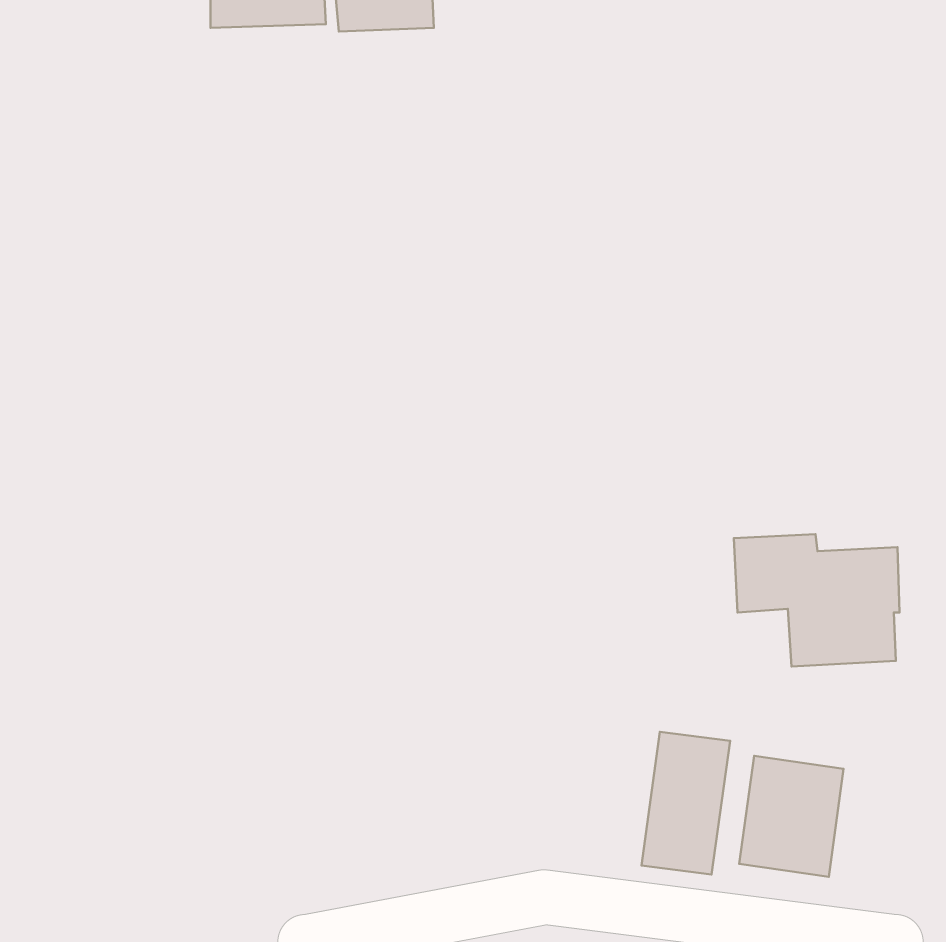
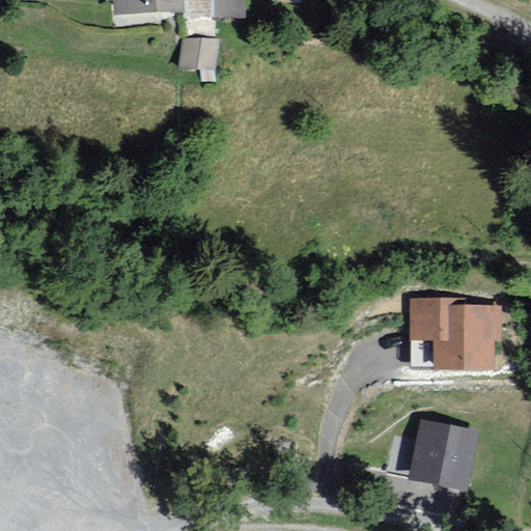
building: none -> [179,38,216,71]
building: [641,732,730,874] -> none

